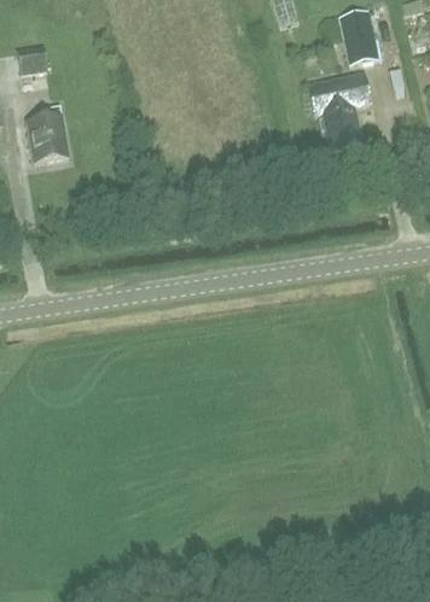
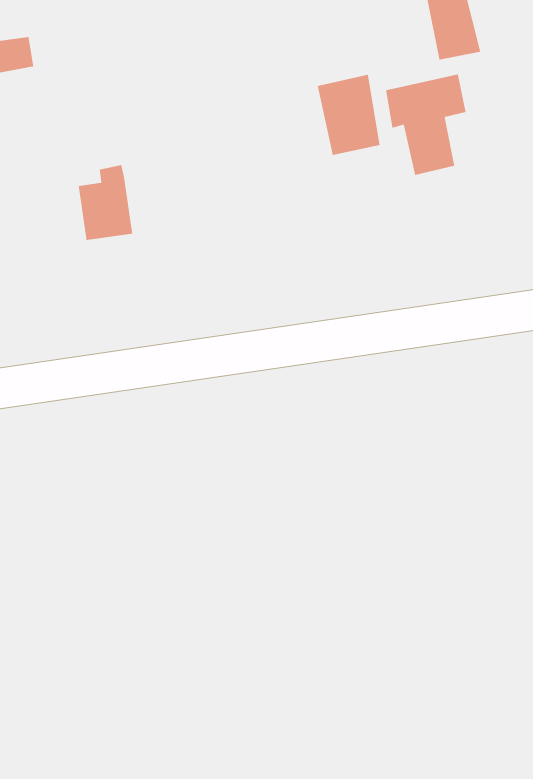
building: none -> [317,74,380,156]
building: [27,104,68,160] -> [78,164,133,241]

